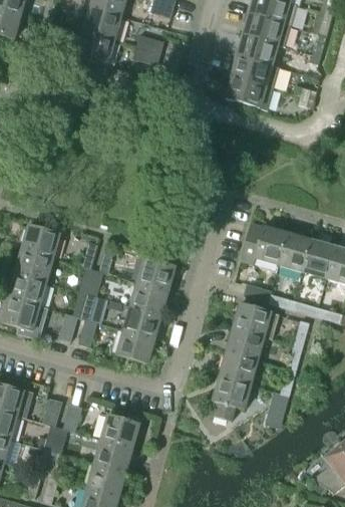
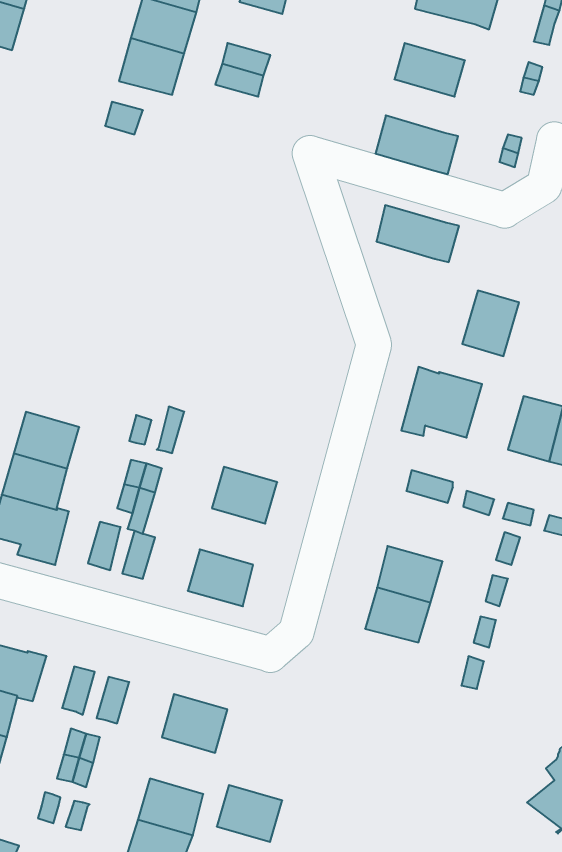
building: [242,14,291,46] -> none
building: [231,55,279,88] -> [376,205,459,262]
building: [21,225,59,258] -> none
building: [278,233,311,271] -> [462,291,519,356]
building: [136,257,175,290] -> none
building: [232,302,279,338] -> none
building: [122,305,160,338] -> none
building: [209,375,250,421] -> none
building: [93,439,131,472] -> [217,785,282,842]

